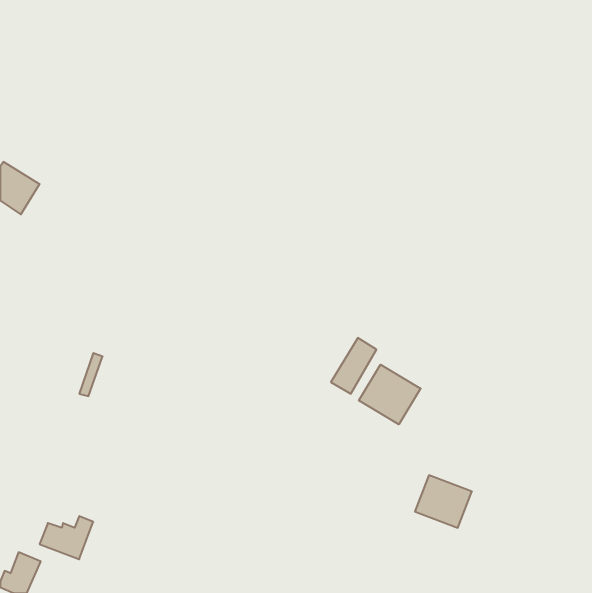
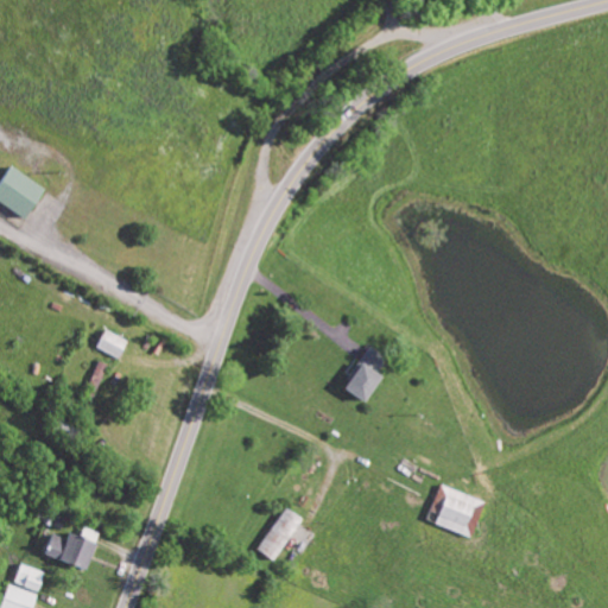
building: none -> [96,329,129,359]
building: [359,365,421,424] -> none
building: none -> [256,507,304,562]

